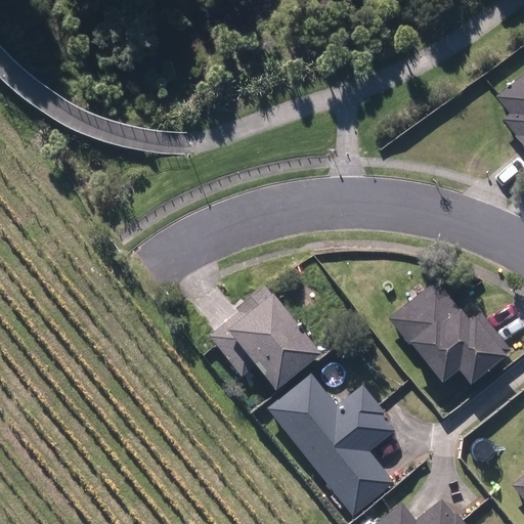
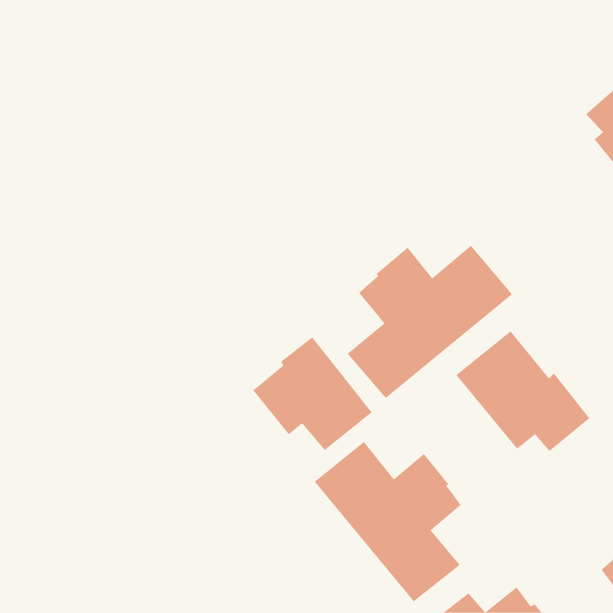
building: none -> [347,245,513,399]

